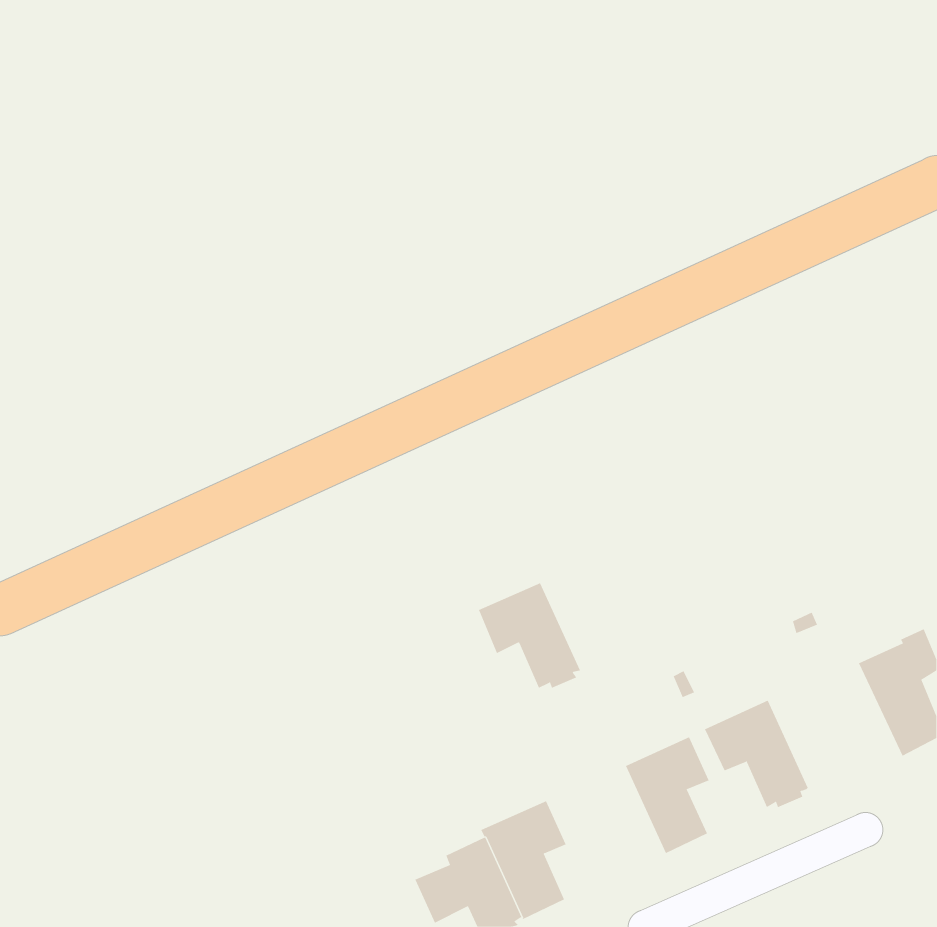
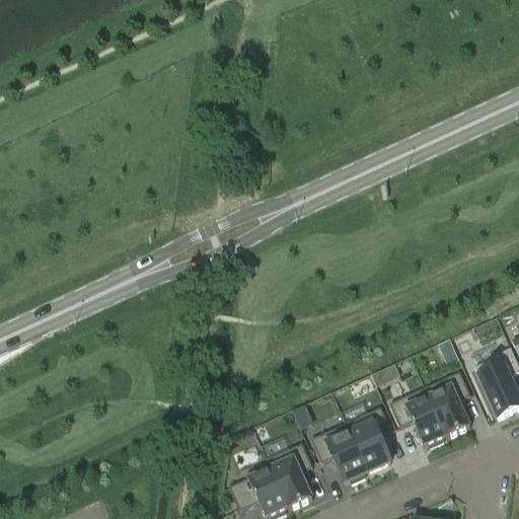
building: [478,582,581,689] -> [311,424,368,483]
building: none -> [425,372,470,438]

